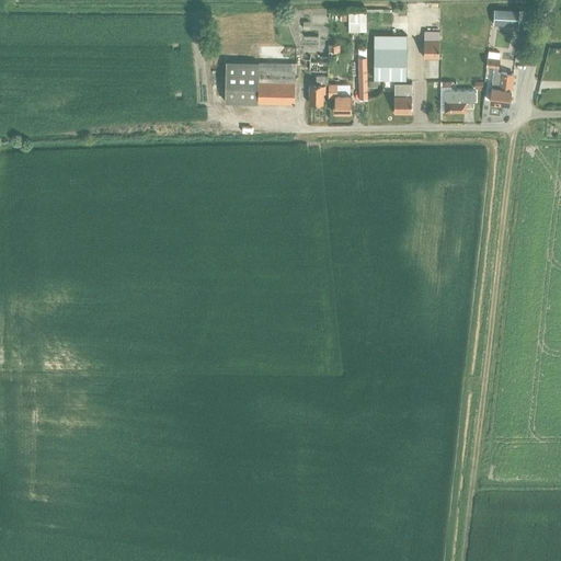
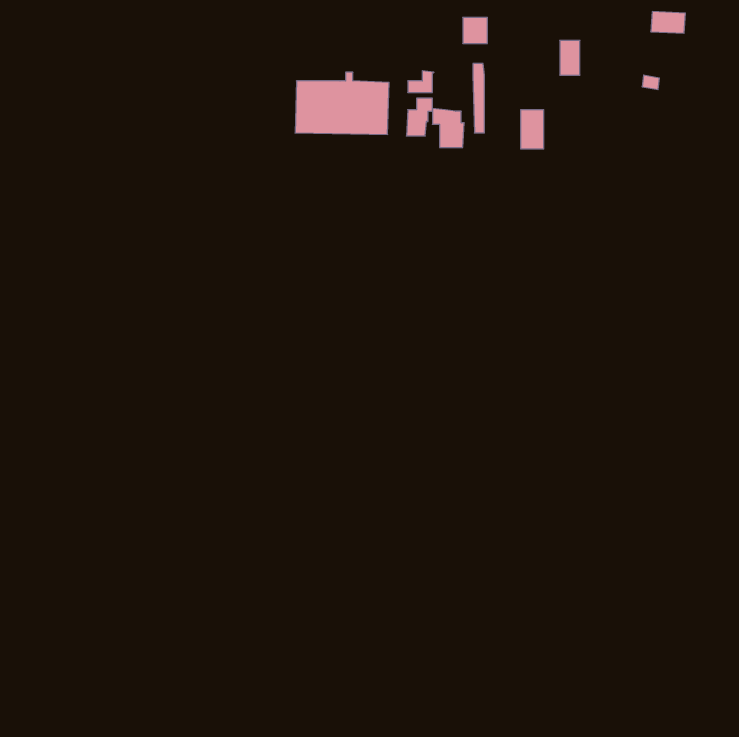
building: [374,35,408,80] -> none
building: [490,73,513,105] -> none
building: [444,91,474,112] -> none

